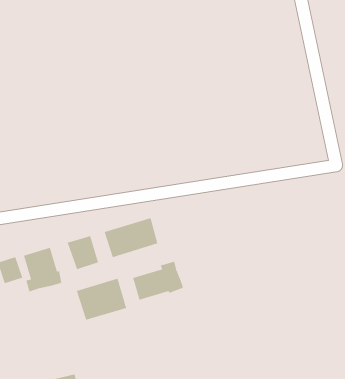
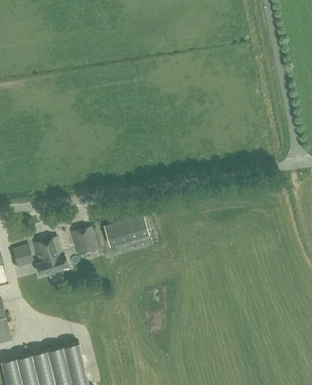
building: [132,261,183,301] -> none
building: [76,278,127,321] -> none

